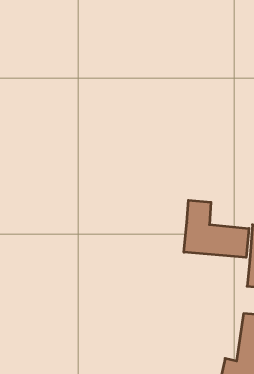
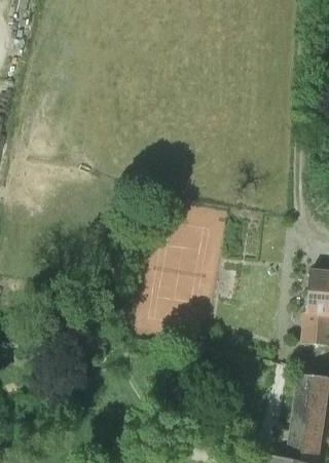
building: [184,200,249,257] -> none

